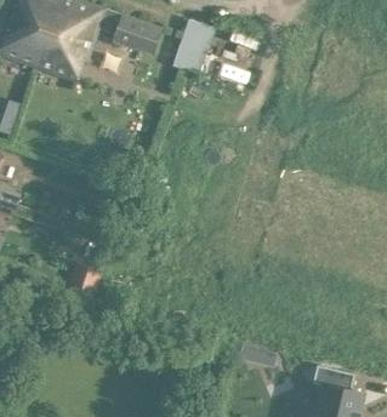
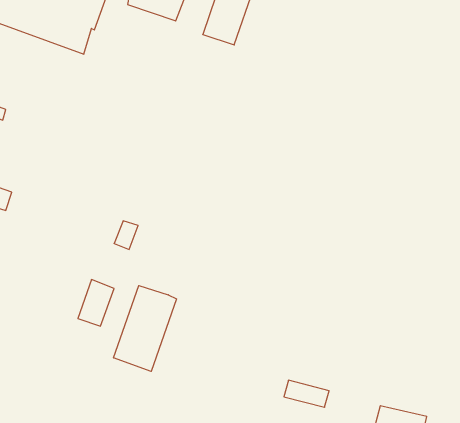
building: none -> [114,286,176,371]

